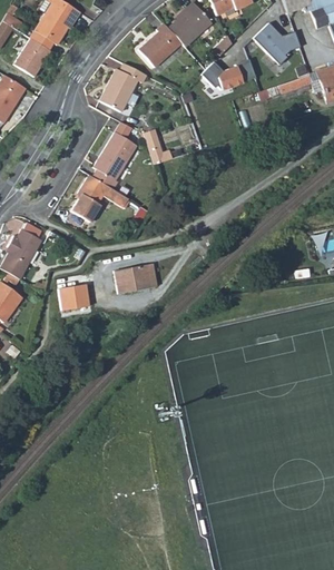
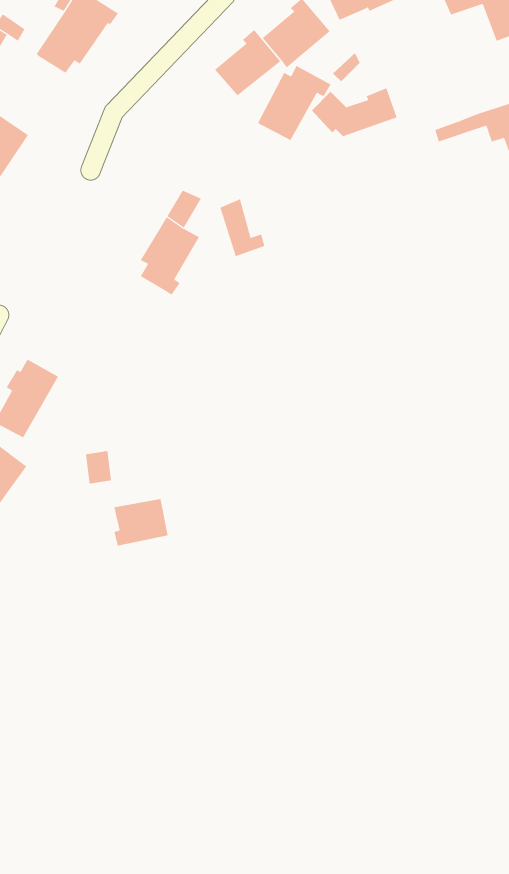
building: [254,22,301,65] -> none
building: [12,38,48,76] -> none
building: [100,60,147,108] -> [257,65,331,141]
building: [73,175,110,223] -> none
building: [117,264,151,294] -> [114,498,168,546]

